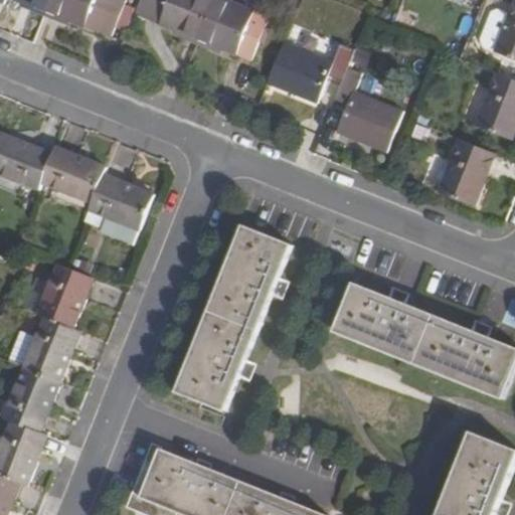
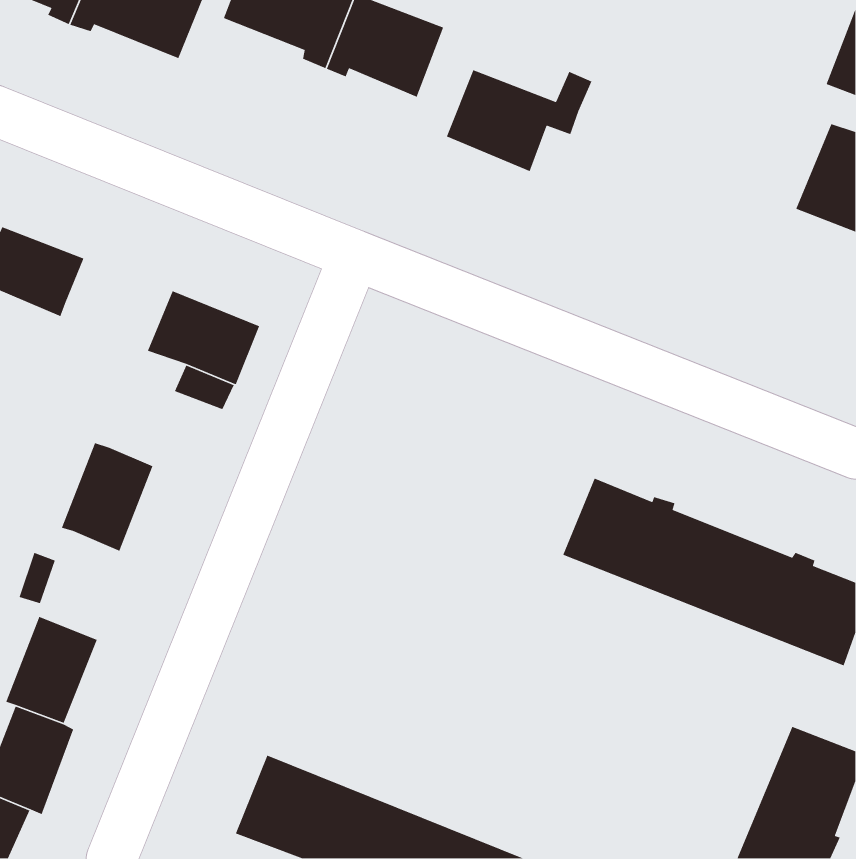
building: [332,66,400,150] -> none
building: [437,139,493,204] -> none
building: [39,145,106,202] -> none
building: [176,226,289,410] -> none
building: [23,317,77,381] -> none

